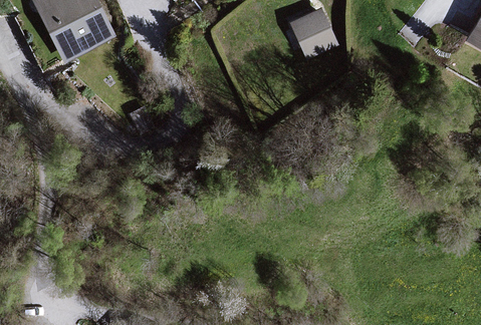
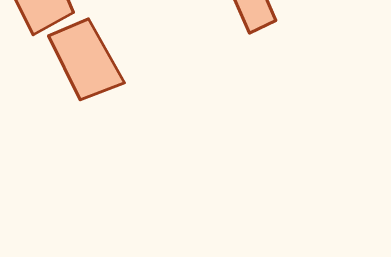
building: none -> [49,19,124,100]

